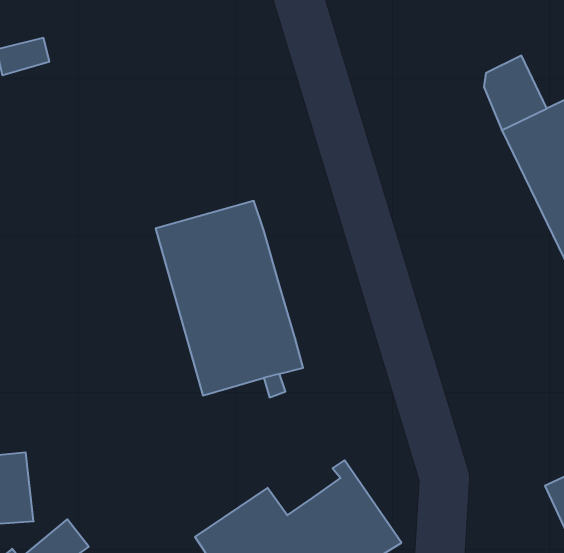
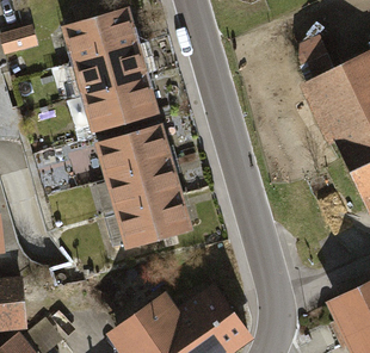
building: none -> [64,11,154,129]

